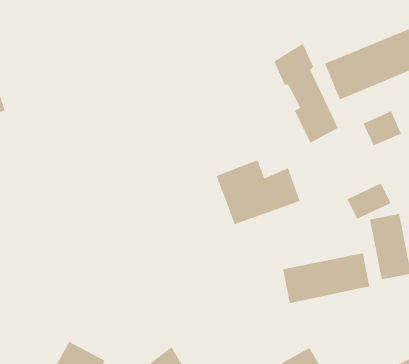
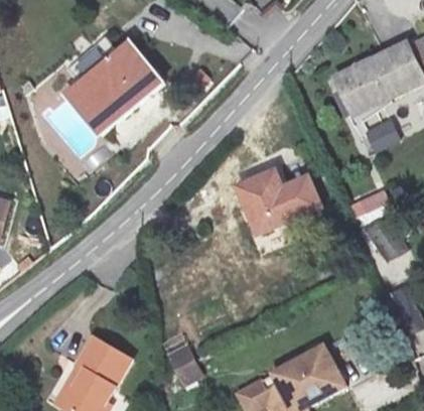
building: none -> [68,41,165,135]
building: [273,43,338,144] -> none
building: [282,253,370,304] -> none

